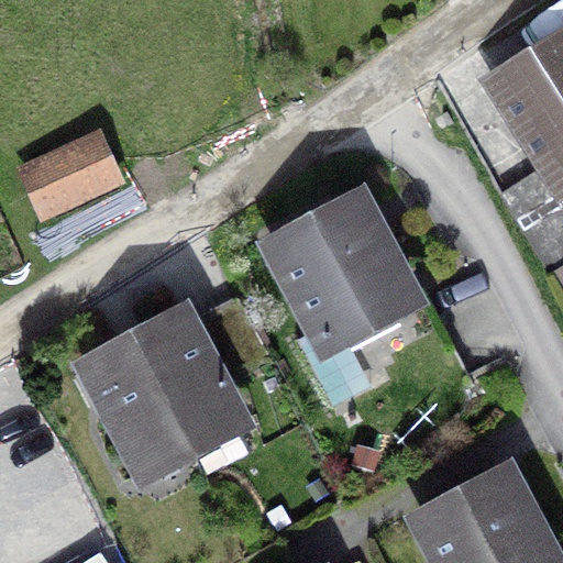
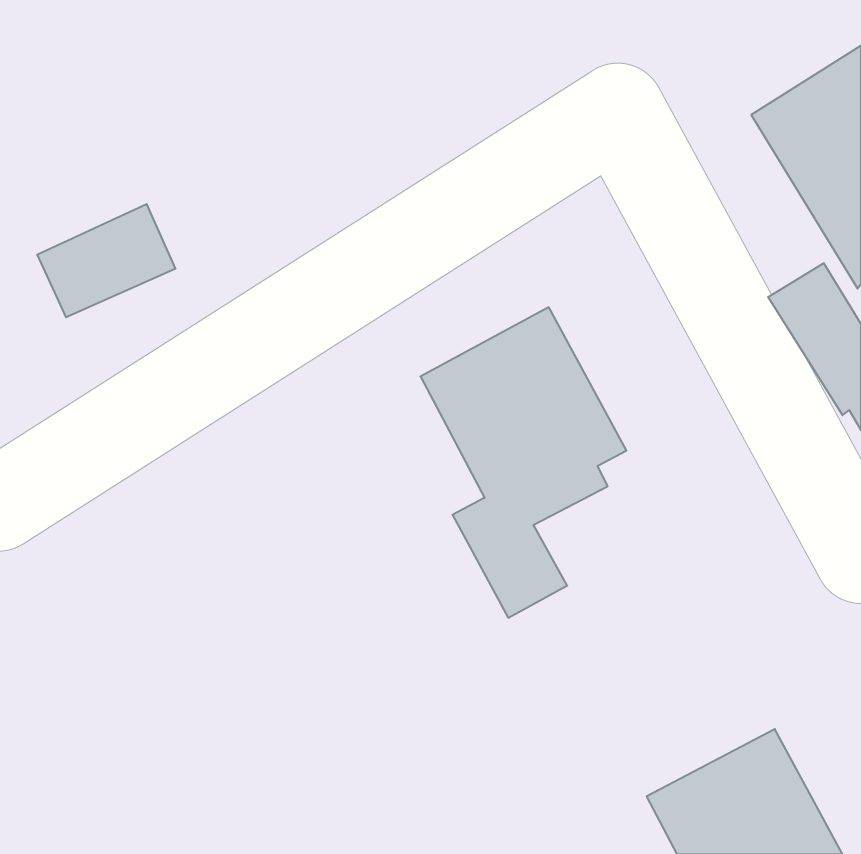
building: [88,291,271,466] -> none

